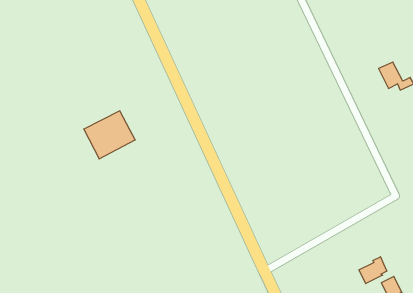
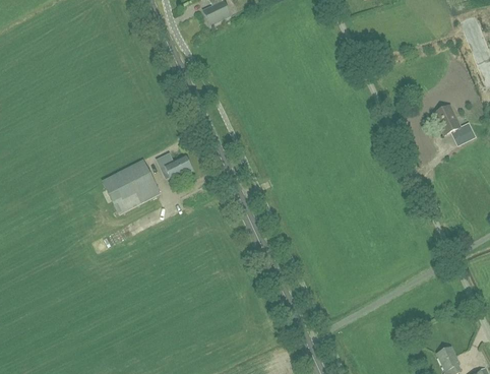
building: none -> [157,152,192,179]
building: [359,257,387,284] -> none

